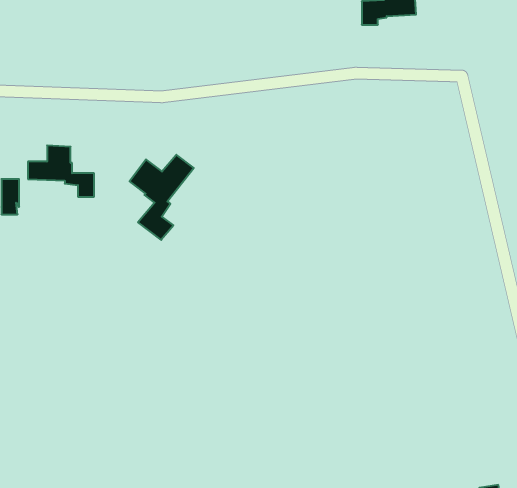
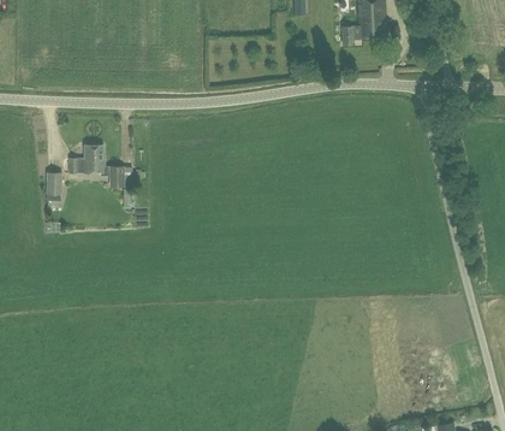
building: [130,155,194,240] -> none

